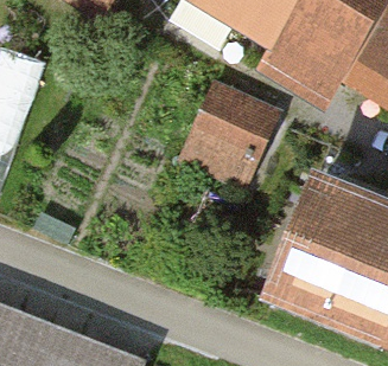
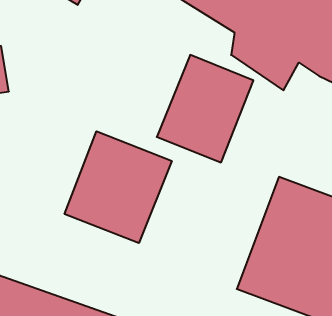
building: none -> [65,131,172,243]

